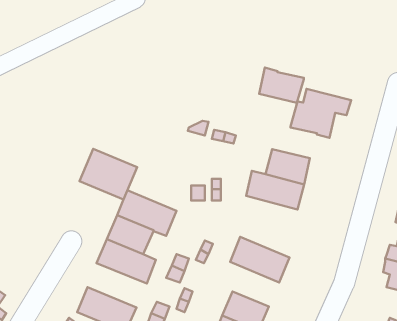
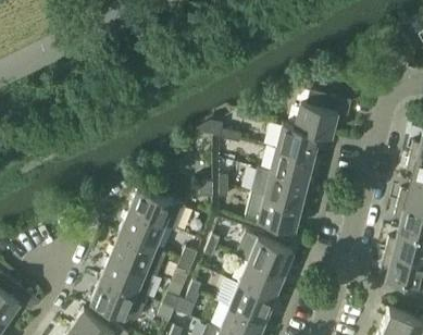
building: [259,68,304,103] -> [277,123,320,157]
building: [80,149,137,199] -> none
building: none -> [246,193,301,231]
building: none -> [236,256,284,298]
building: none -> [101,257,158,299]

